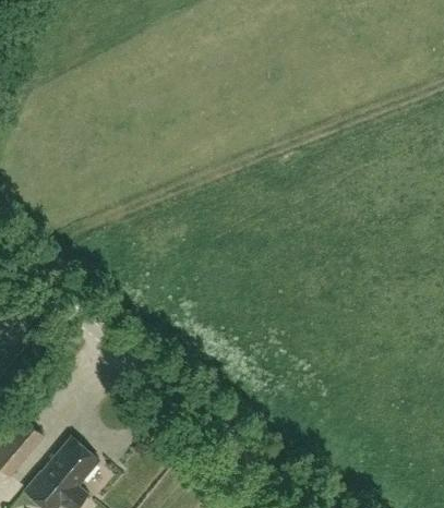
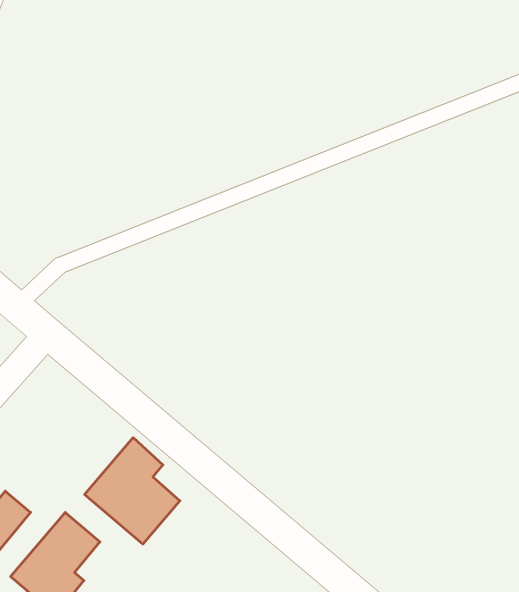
building: none -> [85,438,180,544]

